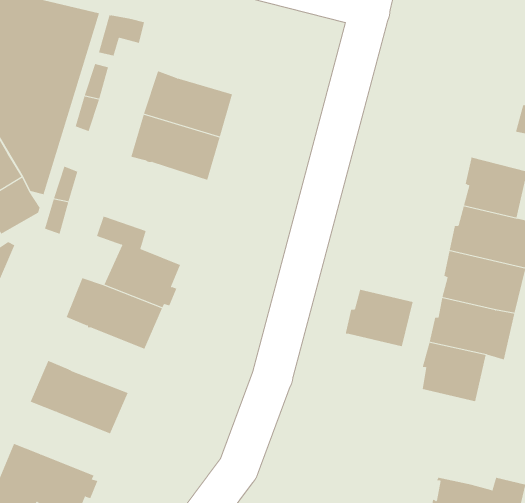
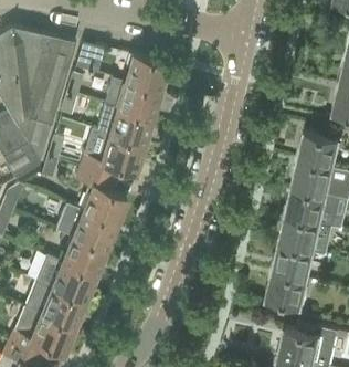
building: none -> [124,54,167,92]
building: none -> [78,133,145,176]
building: [345,289,413,347] -> [265,273,307,308]
building: none -> [57,235,104,275]
building: none -> [23,281,83,326]

